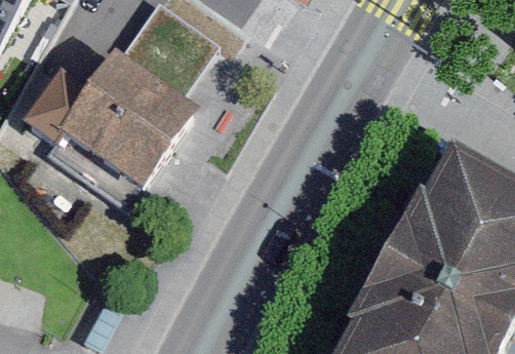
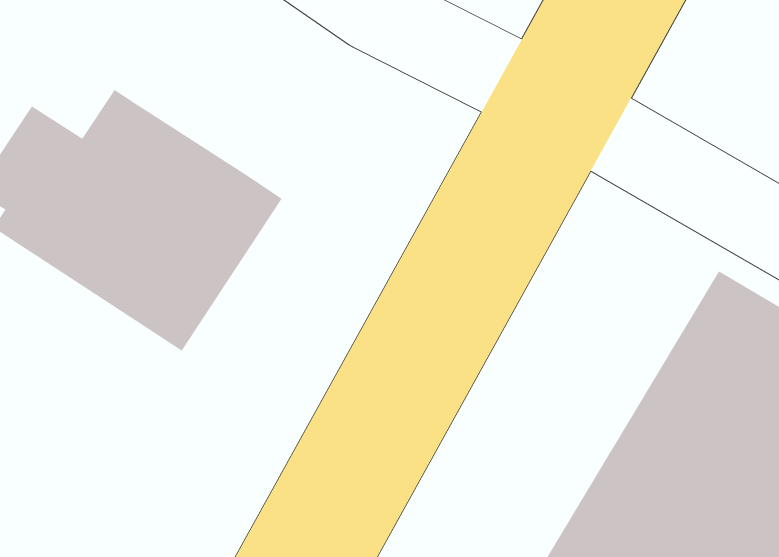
building: [117,11,215,107] -> none

